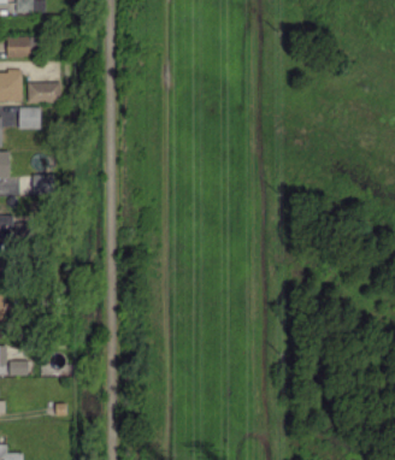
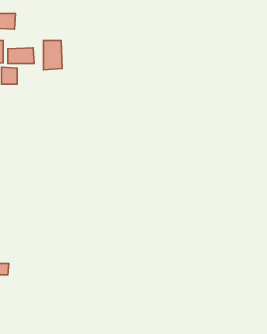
building: none -> [43,41,62,70]

